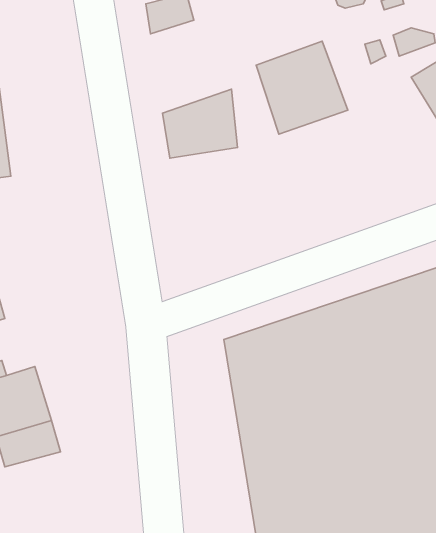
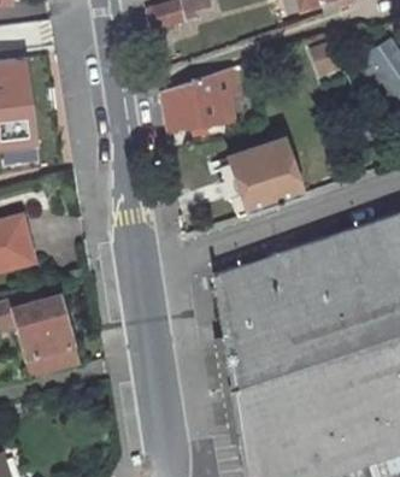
building: [256,41,348,134] -> [230,137,304,212]

